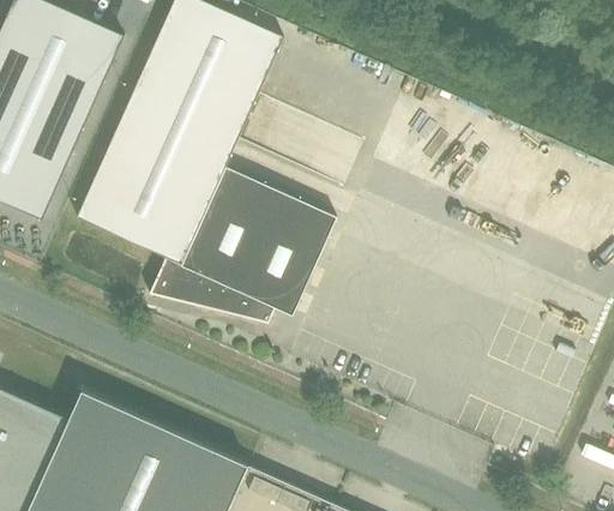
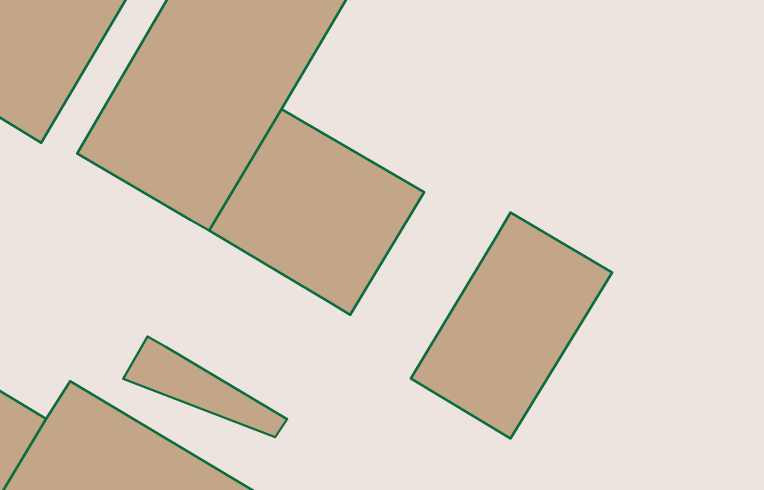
building: none -> [411,213,612,438]
building: [150,259,275,323] -> [123,336,287,437]

